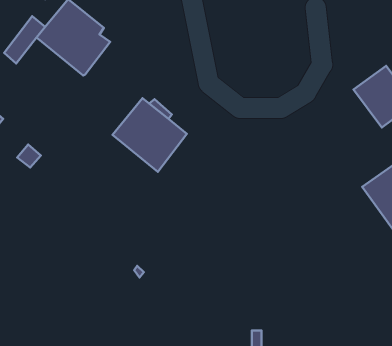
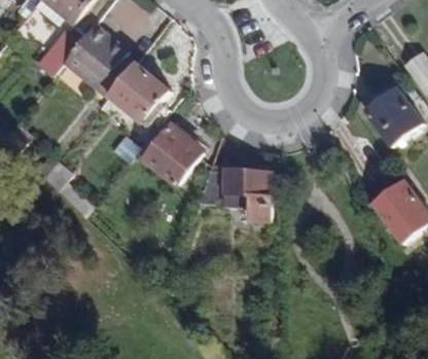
building: none -> [110,64,172,124]
building: none -> [198,169,273,222]

